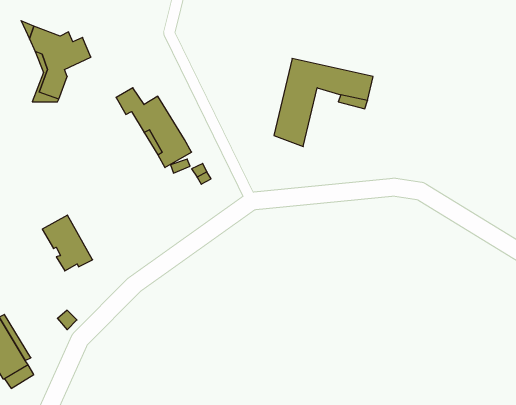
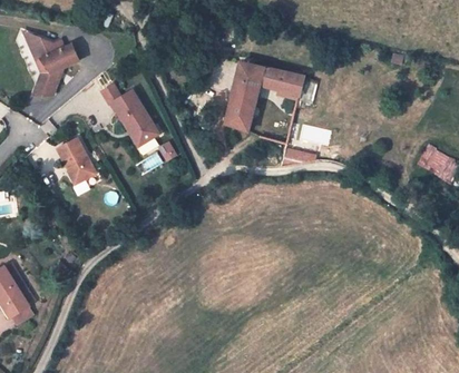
building: [42,215,93,271] -> [56,138,96,183]

